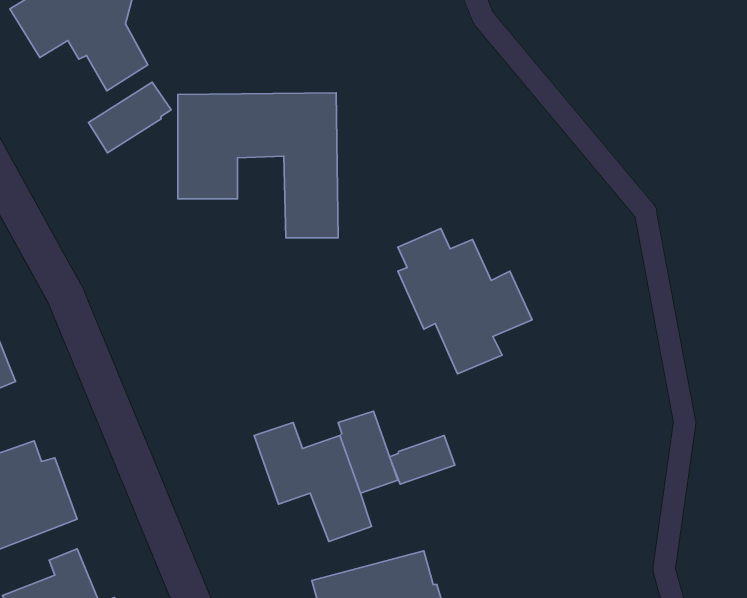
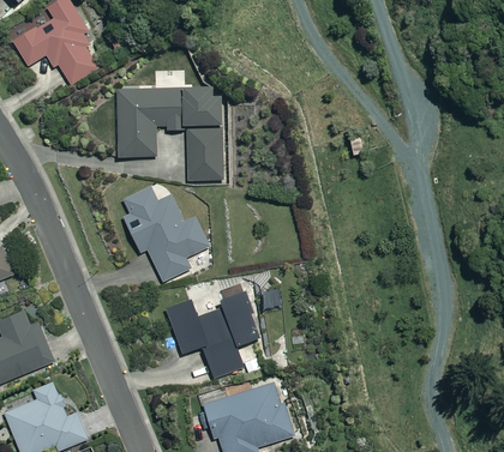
building: [88,82,171,153] -> none
building: [398,228,532,374] -> [124,188,210,282]
building: [389,436,455,484] -> none

